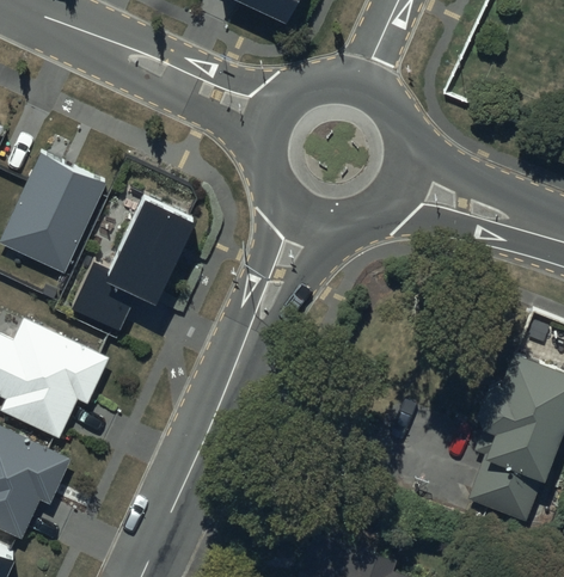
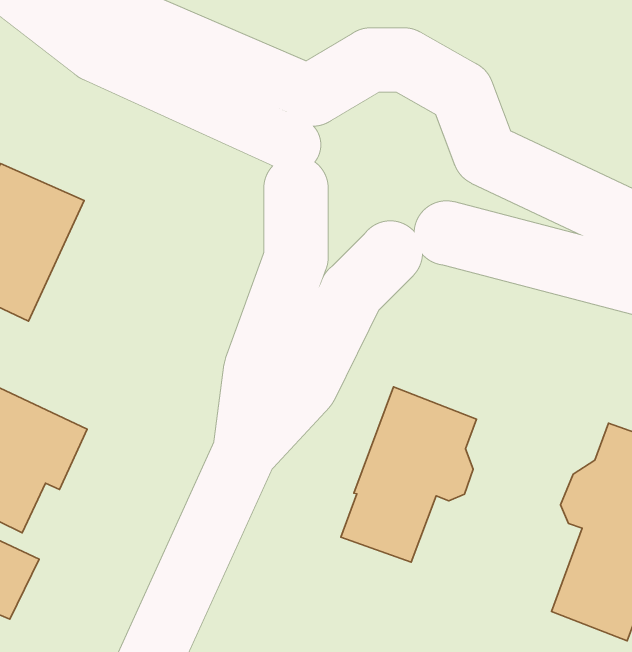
building: [73,195,196,330] -> none
building: none -> [341,387,477,562]

